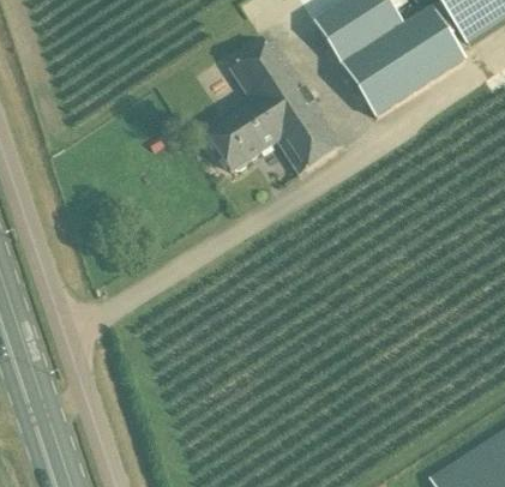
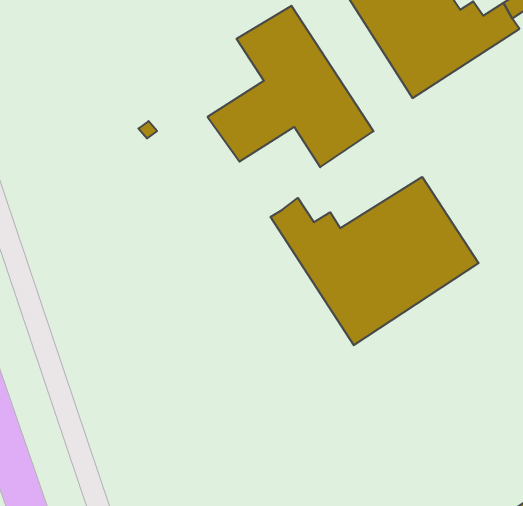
building: none -> [271,177,479,345]

